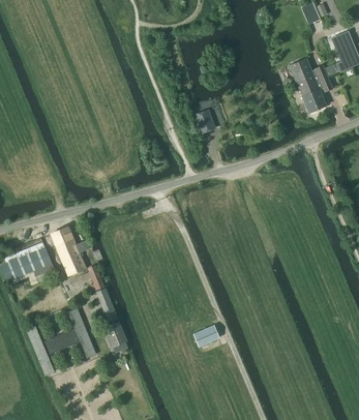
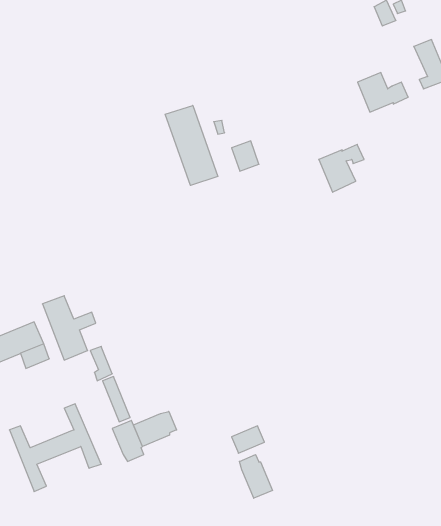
building: [299,77,333,113] -> [319,144,364,192]
building: none -> [165,105,218,185]
building: none -> [134,411,177,447]
building: none -> [239,455,273,498]

